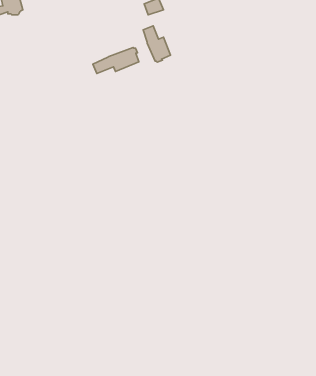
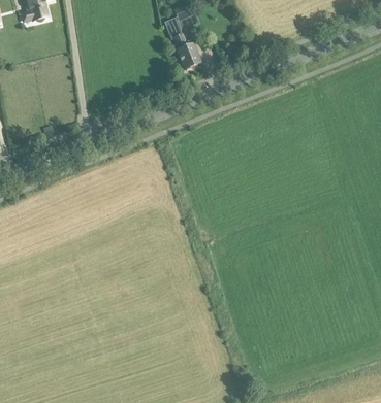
building: [93,48,139,74] -> none

